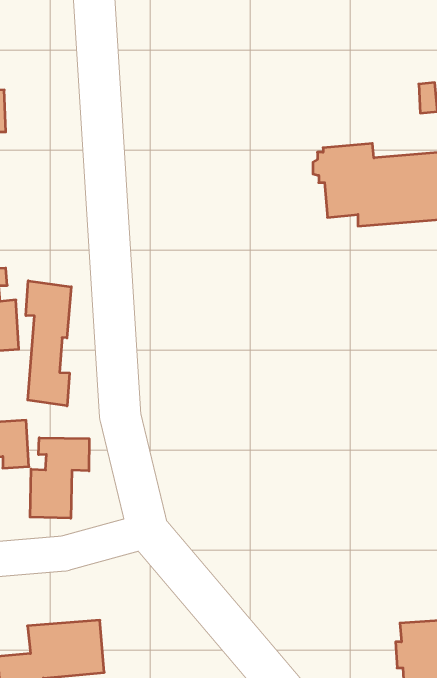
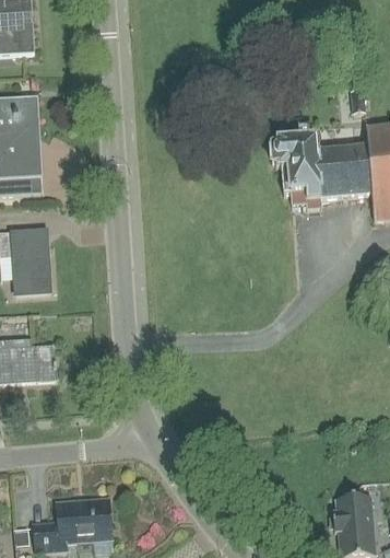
building: [26,281,71,406] -> none
building: [30,438,89,518] -> none

